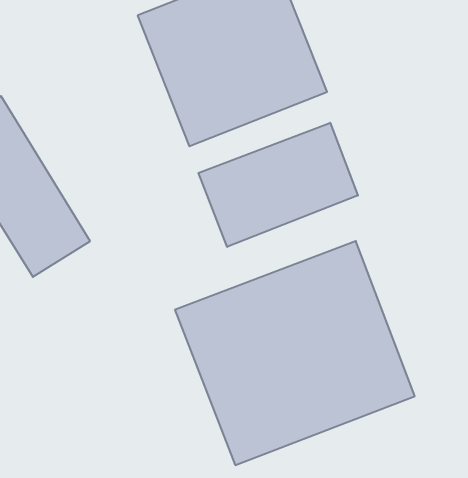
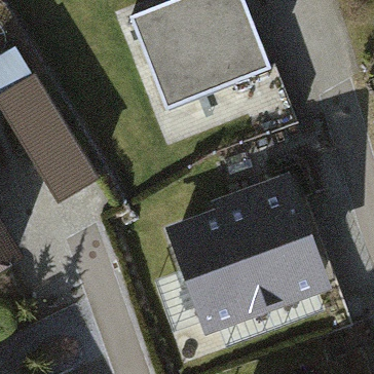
building: [198,123,358,247] -> none

